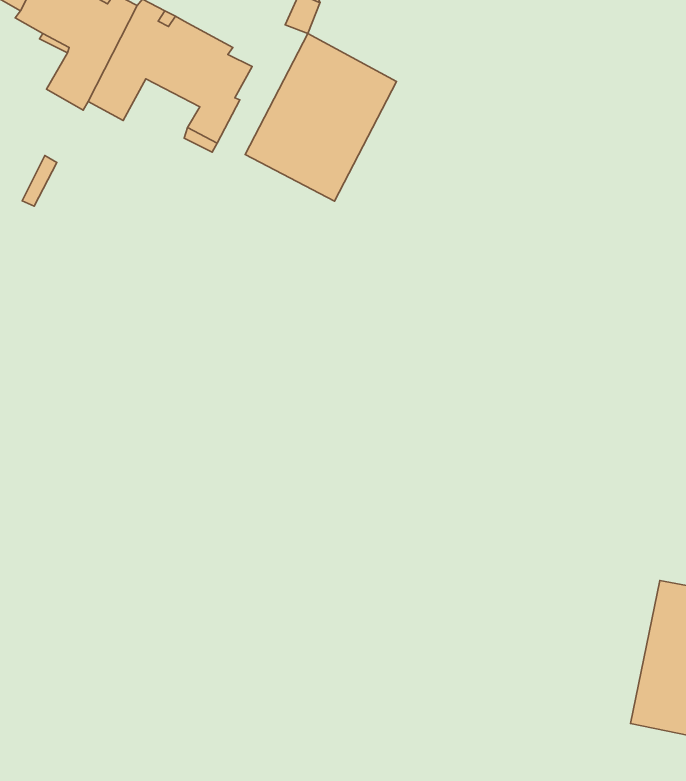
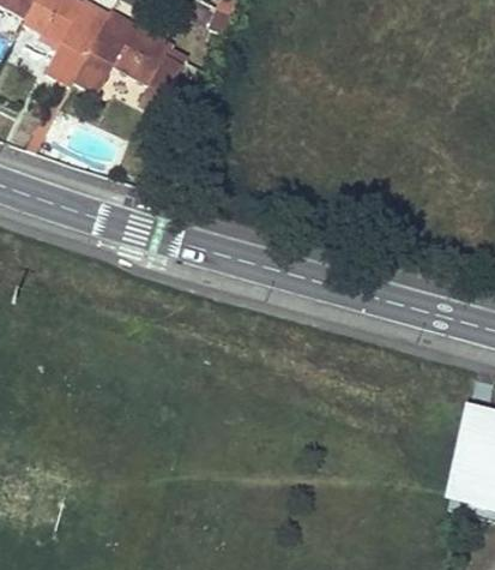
building: [245,34,396,201] -> none

